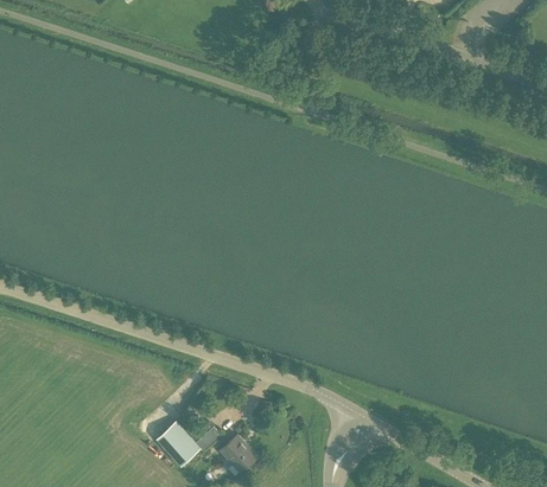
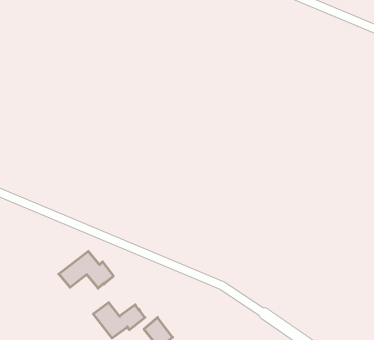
building: none -> [59,251,113,288]

